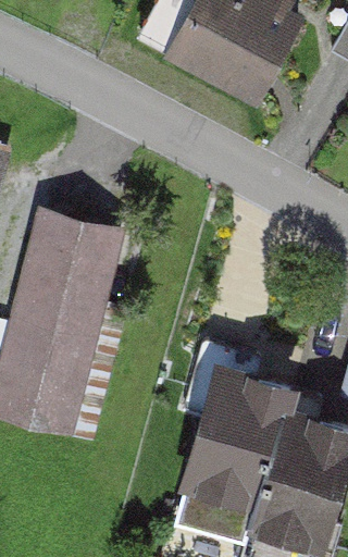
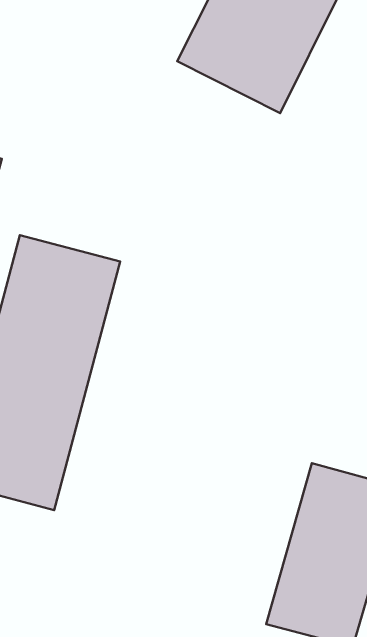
building: [177,357,291,516] -> none

